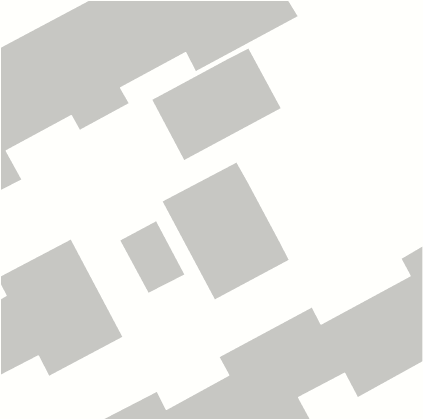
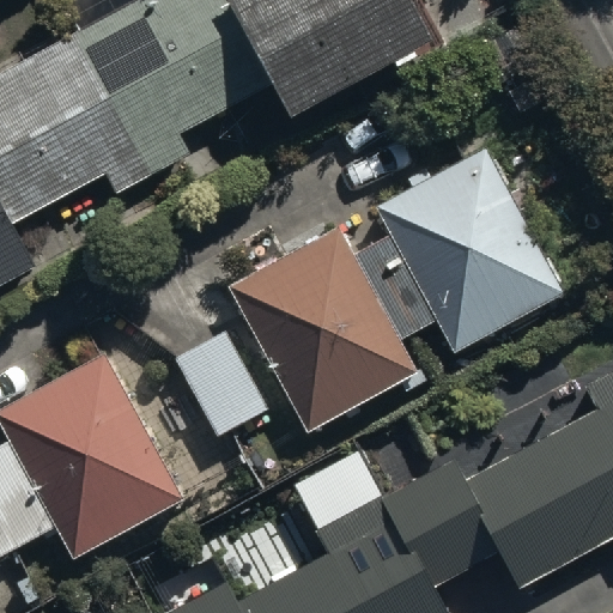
building: [151,48,282,161] -> none
building: none -> [359,159,569,365]

